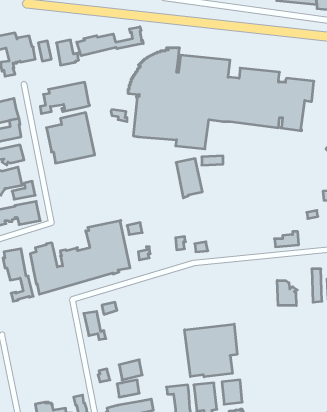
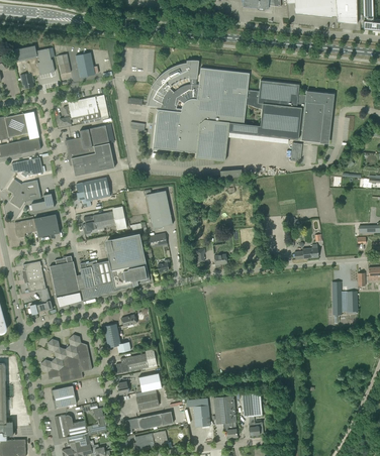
building: [77,27,143,56] -> none
building: [176,159,202,198] -> [147,191,173,230]
building: none -> [76,178,110,204]
building: none -> [83,207,126,231]
building: [277,280,297,306] -> none
building: none -> [40,335,92,382]
building: [185,324,237,377] -> none
building: none -> [115,349,157,374]
building: none -> [51,386,77,408]

